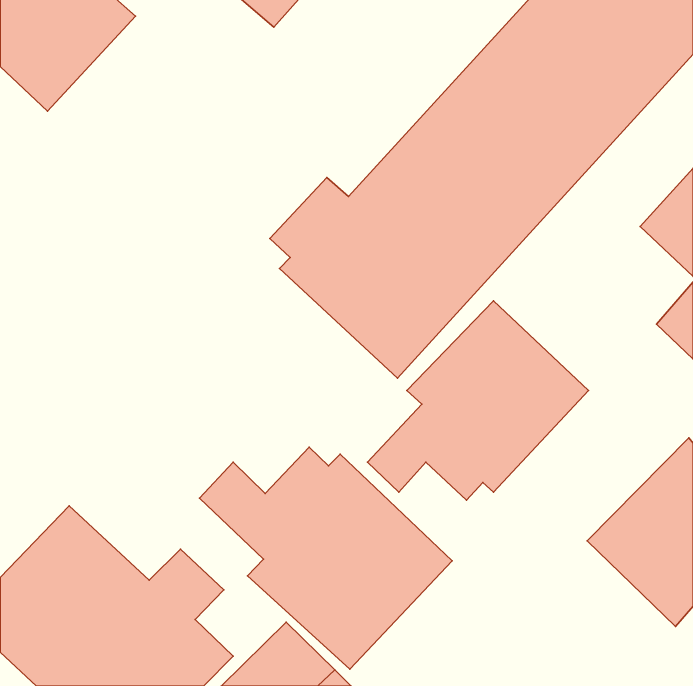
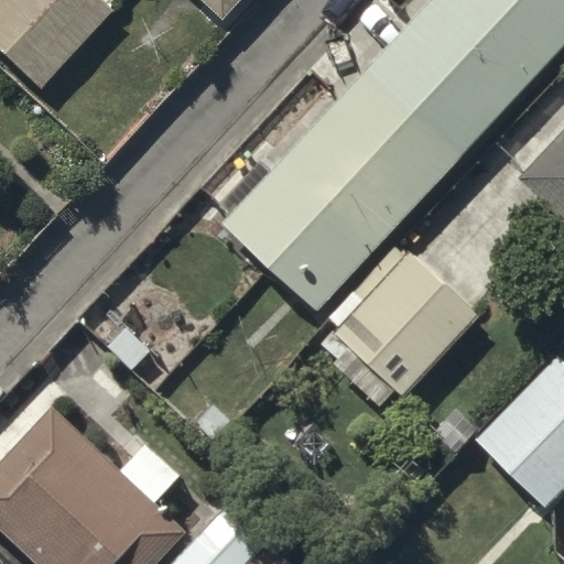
building: [200,447,452,669] -> none

